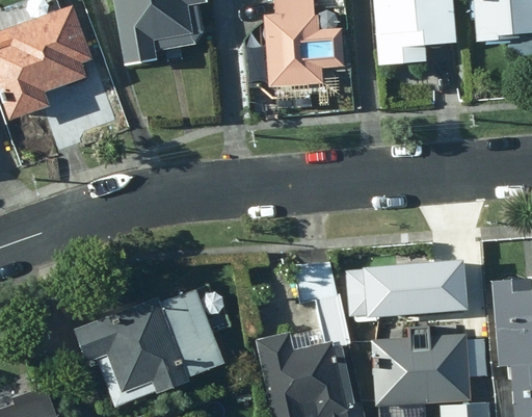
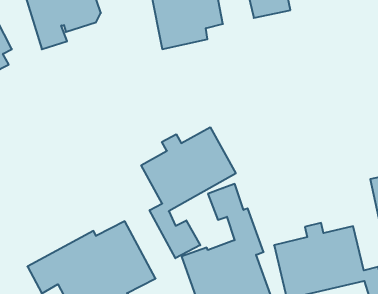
building: none -> [141,127,236,258]
building: [353,251,463,310] -> none

